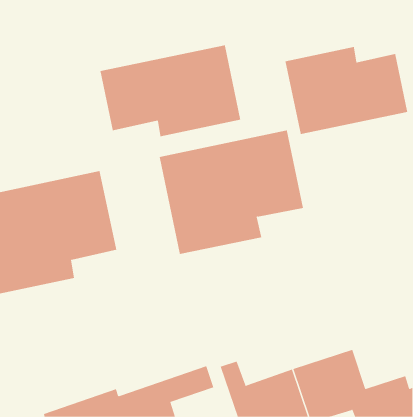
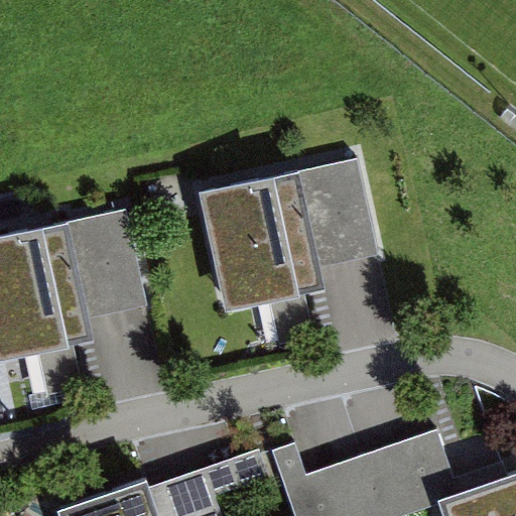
building: [100,44,241,137] -> none
building: [285,46,408,135] -> none

